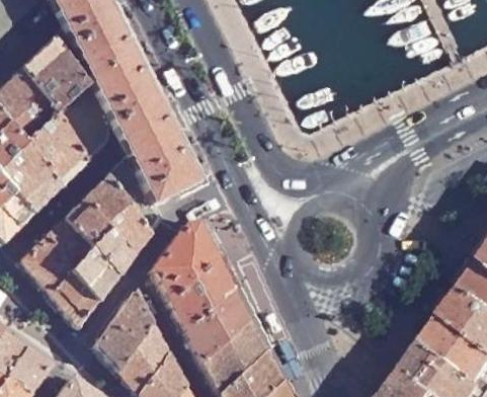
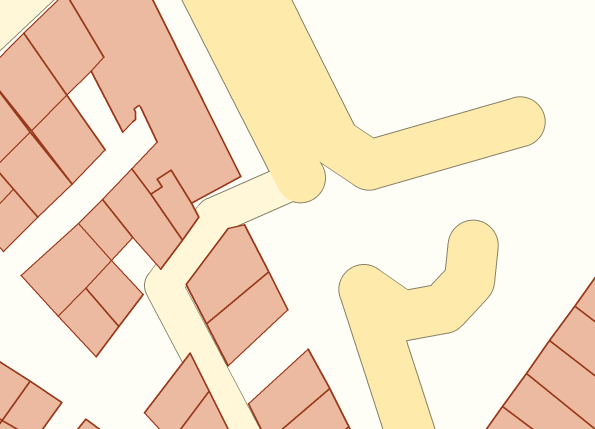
building: [93,230,133,275] -> none
building: [97,288,156,370] -> none
building: [186,288,250,363] -> none

